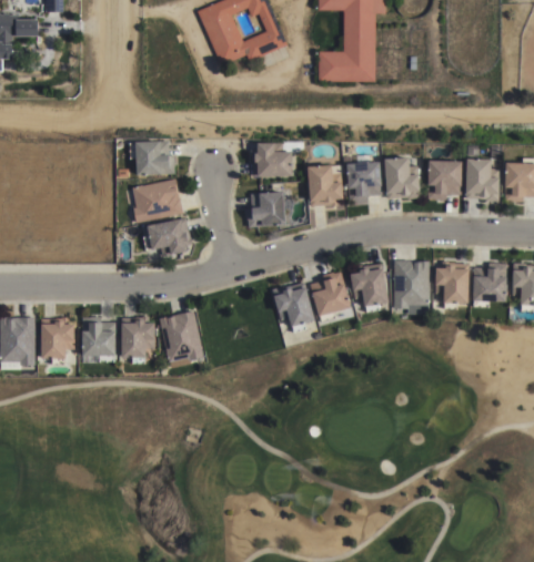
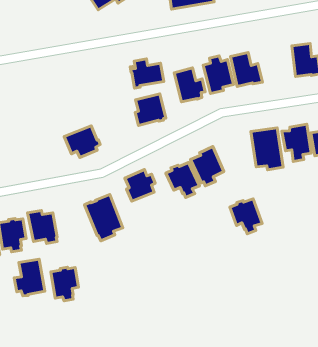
building: [130,139,175,175] -> none
building: [427,159,462,198] -> none
building: [133,177,183,224] -> none
building: [350,267,389,311] -> [230,199,262,234]
building: none -> [125,169,155,201]
building: [122,319,155,362] -> [51,267,79,301]
building: none -> [14,259,45,296]

